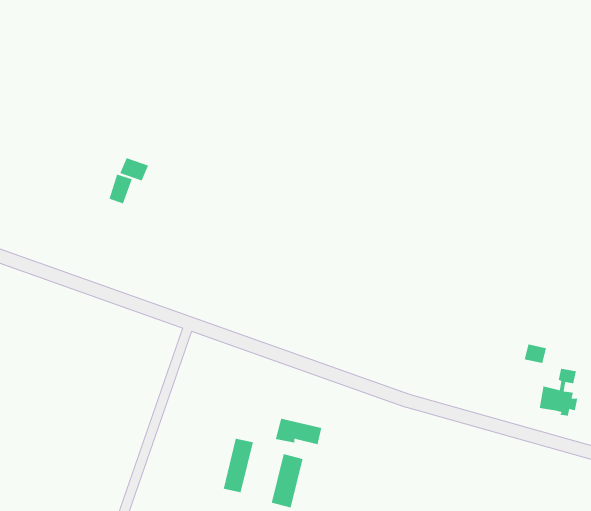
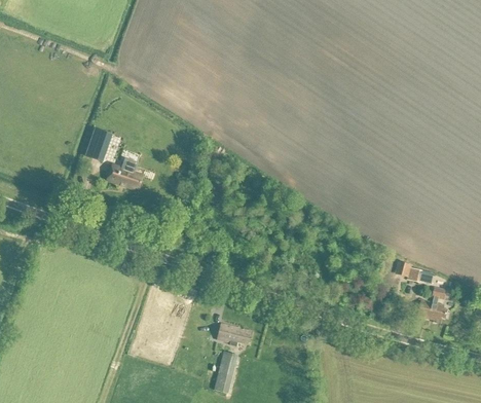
building: none -> [107,164,144,189]
building: [223,438,254,493] -> none

